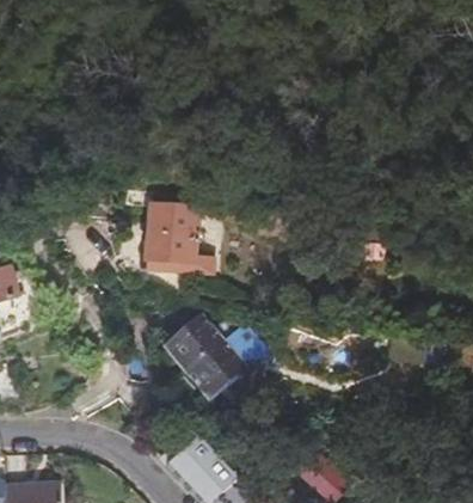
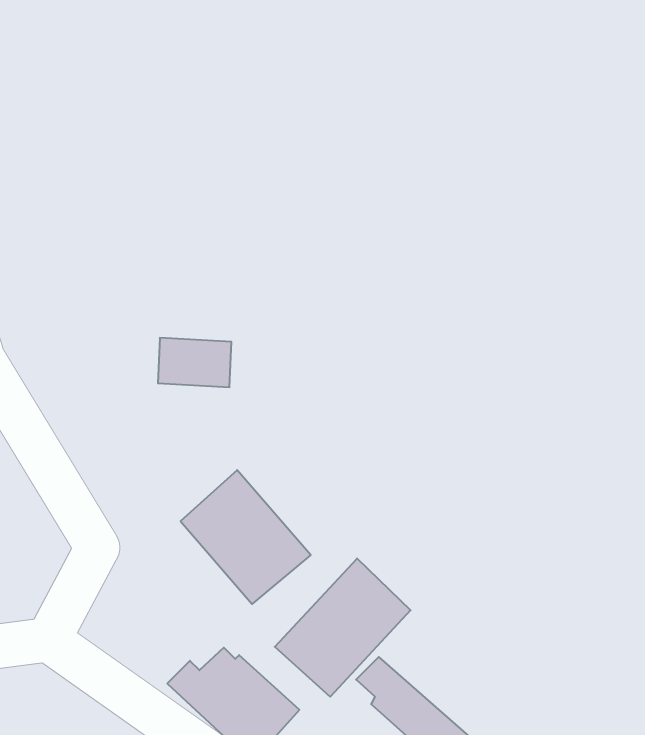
building: [150,188,197,235] -> none
building: none -> [275,558,411,697]

